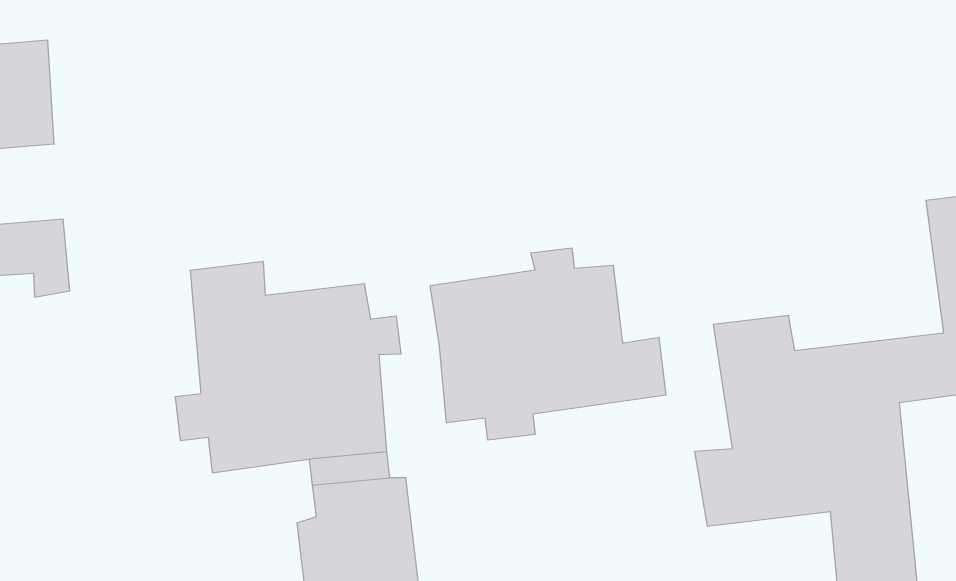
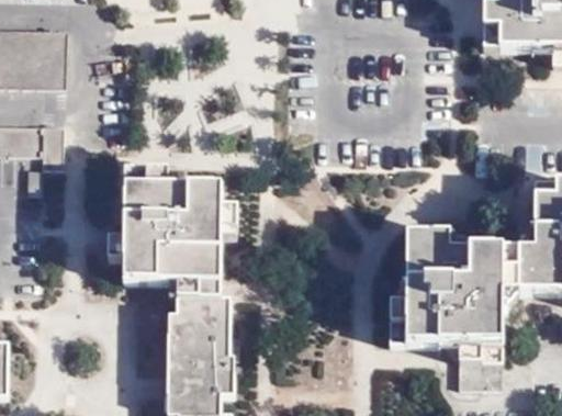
building: [430,248,666,440] -> none

